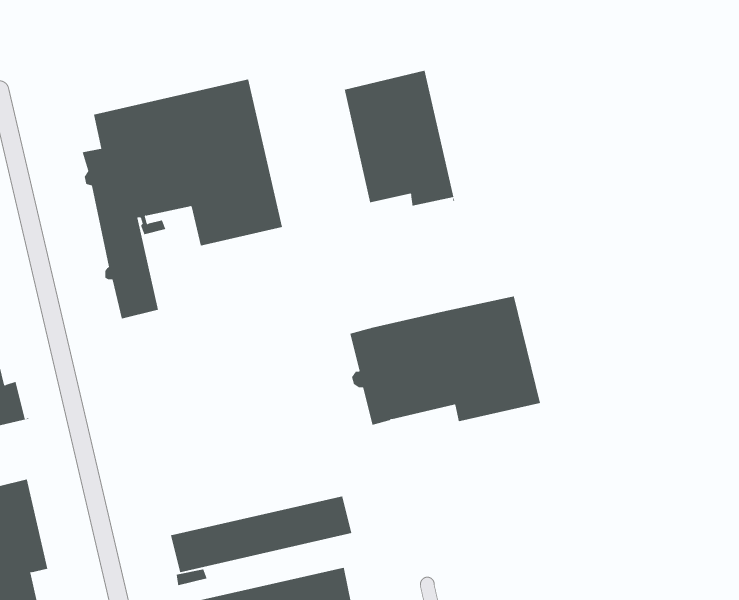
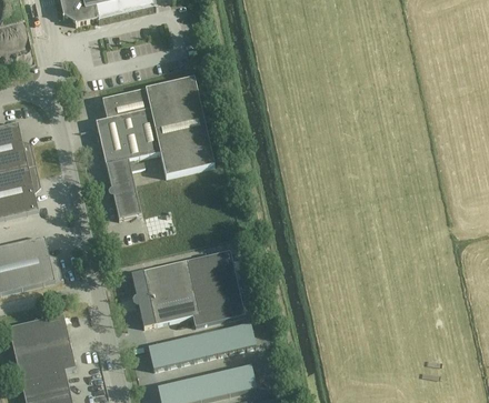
building: [344,70,455,206] -> none
building: [349,296,541,426] -> [131,250,244,326]

